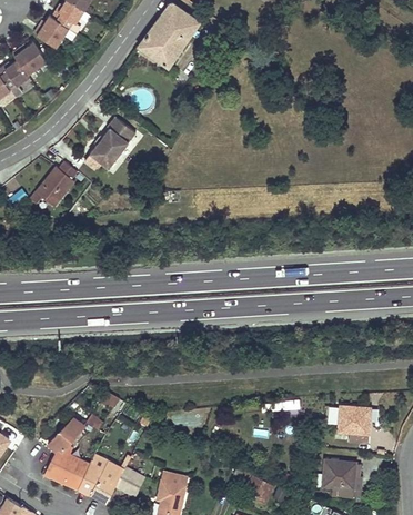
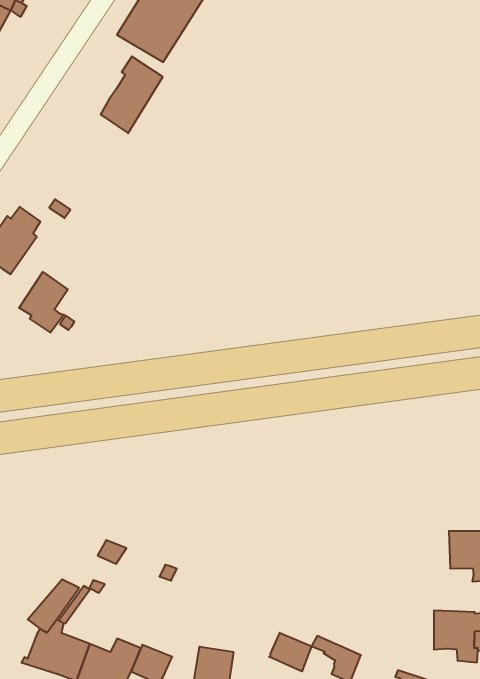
building: [91,115,135,167] -> [101,57,163,133]
building: none -> [19,272,68,333]
building: none -> [269,633,311,671]

